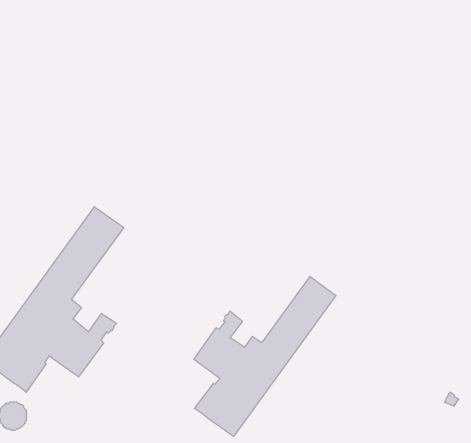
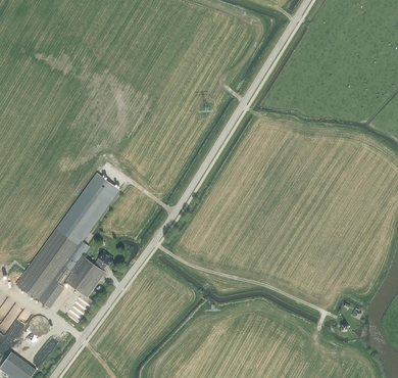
building: [194,276,336,436] -> none

